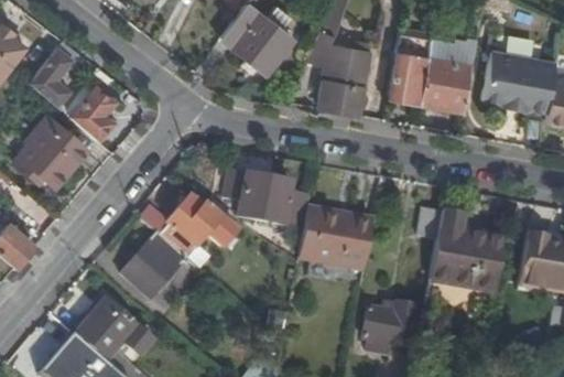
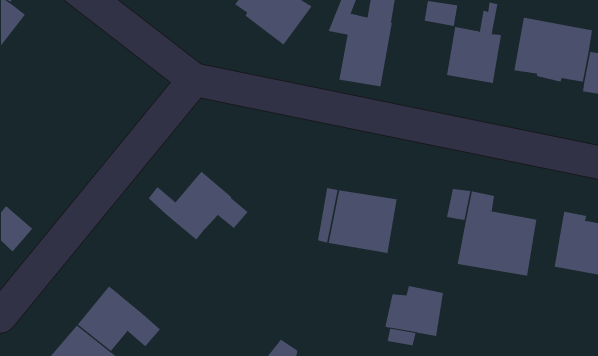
building: [31,49,72,106] -> none
building: [390,52,426,103] -> none
building: [69,86,113,139] -> none
building: [21,116,88,188] -> none
building: [225,170,307,227] -> none
building: [122,233,186,298] -> none

